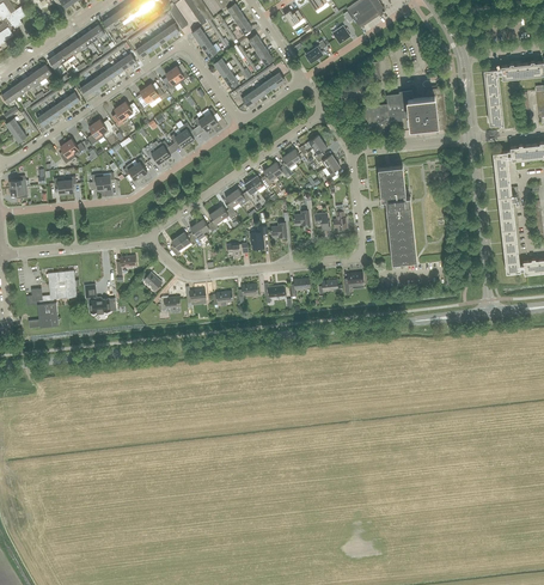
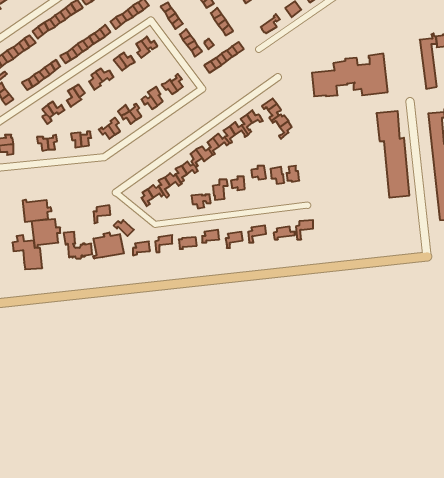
building: [378,166,415,263] -> [376,111,409,198]
building: none -> [23,200,51,222]
building: none -> [93,232,124,259]

